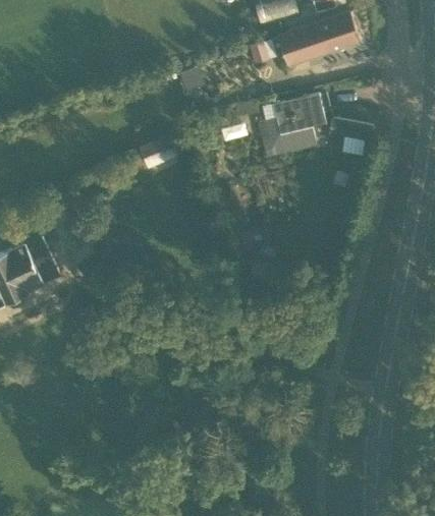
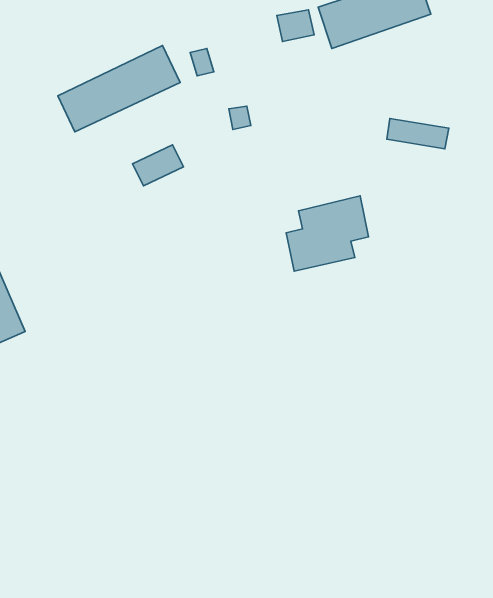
building: none -> [58,46,180,132]
building: [264,94,325,150] -> [286,196,369,271]

